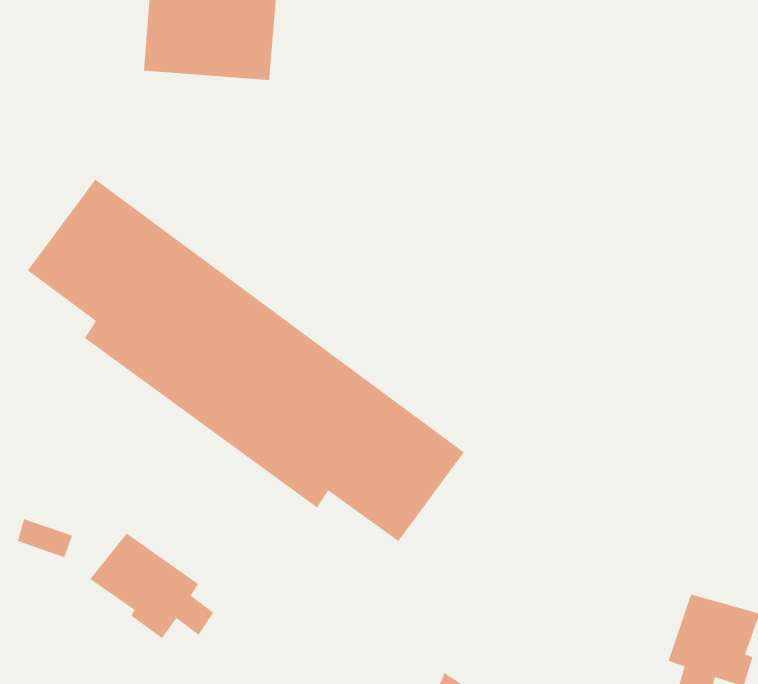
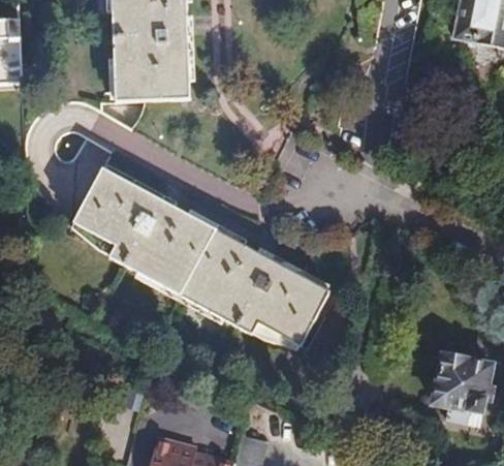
building: [89,532,214,639] -> none

